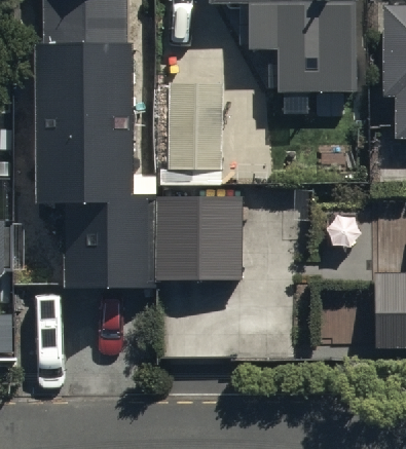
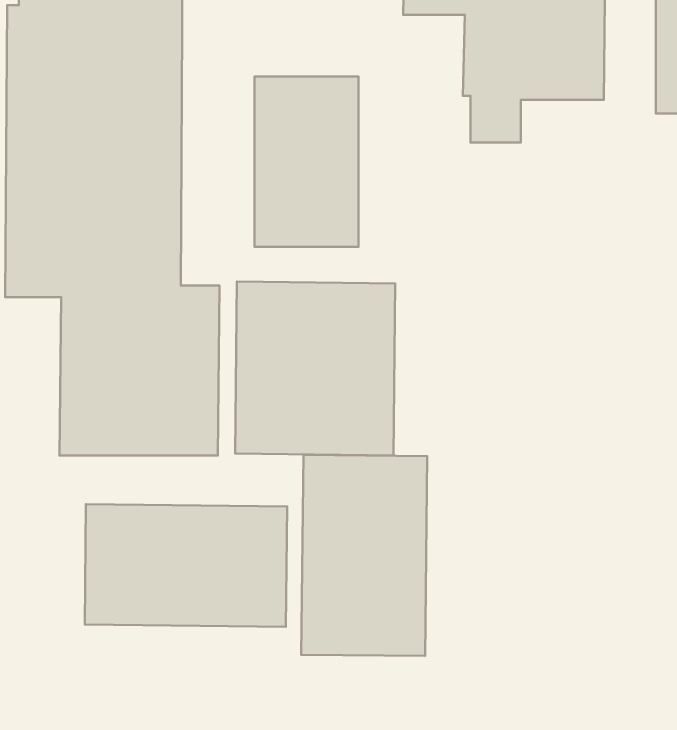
building: none -> [301,455,427,656]
building: none -> [85,504,287,627]

